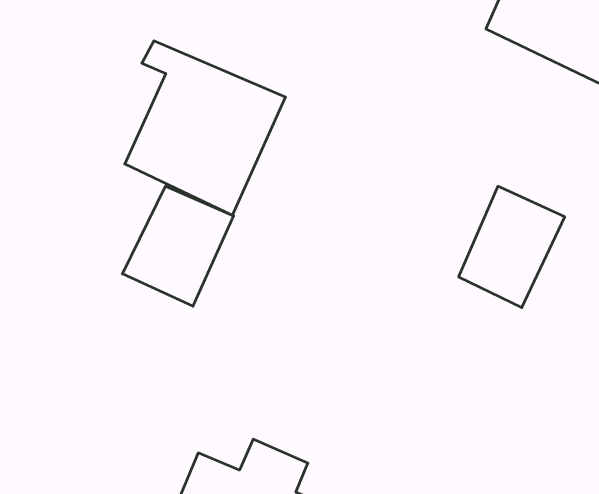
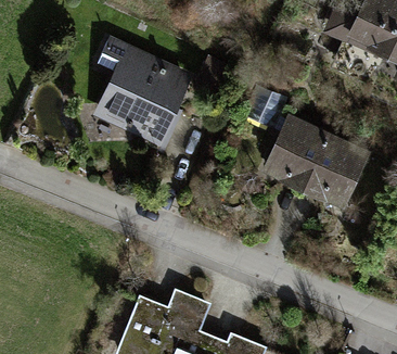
building: none -> [262,112,329,188]
building: [122,186,234,306] -> none

